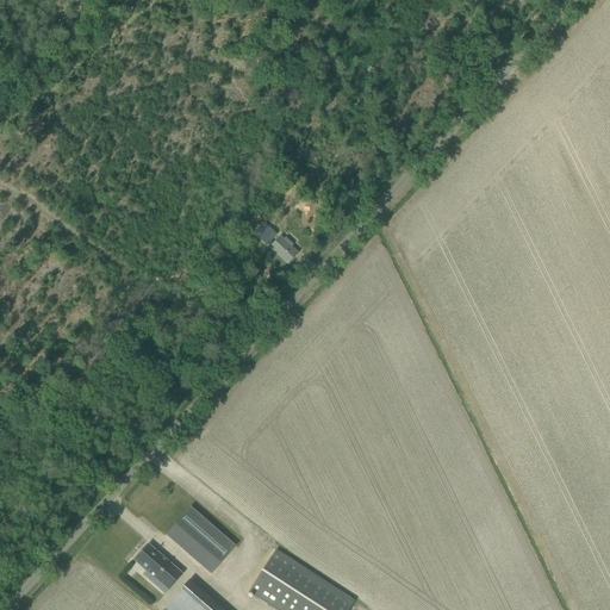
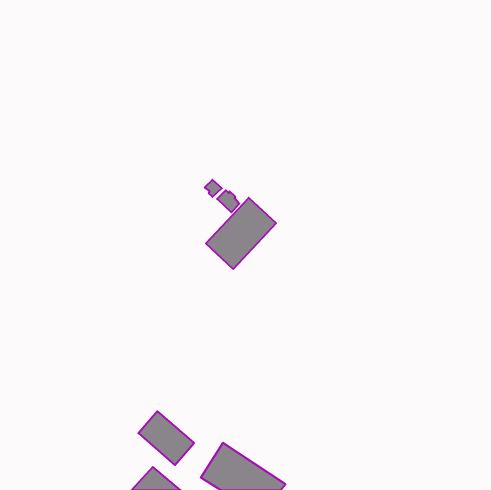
building: none -> [206,198,276,269]
building: [133,543,182,593] -> none

